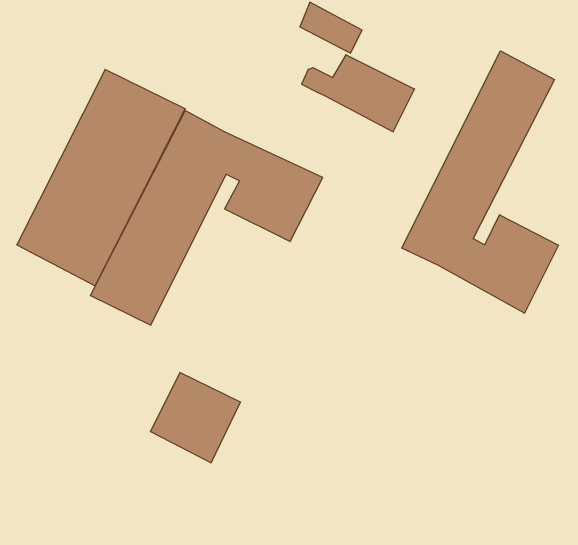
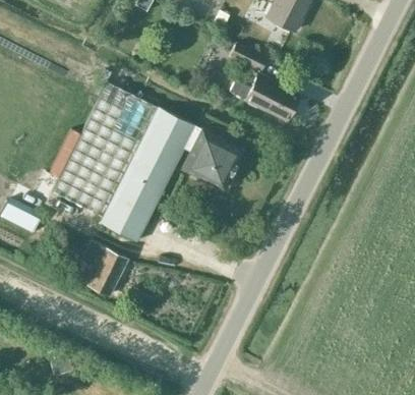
building: [402,51,558,313] -> none
building: [150,373,241,463] -> [72,241,128,297]

